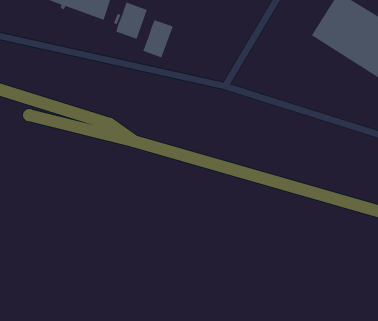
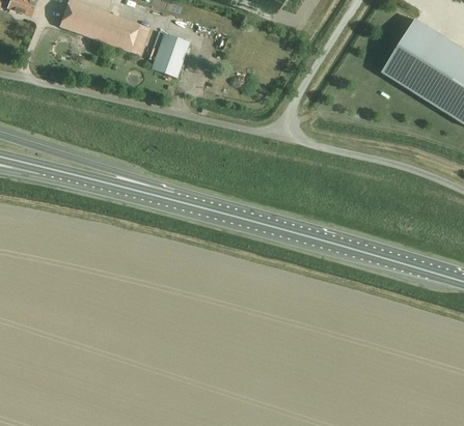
building: [142,19,174,58] -> none

